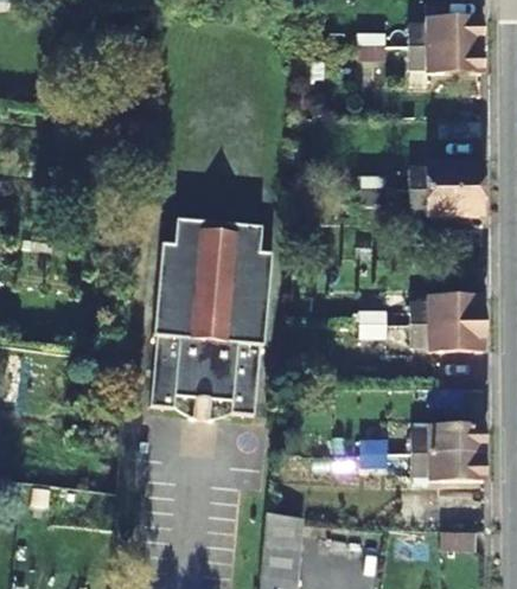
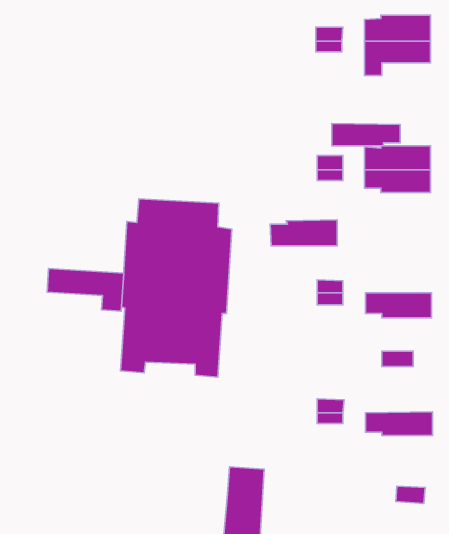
building: none -> [332,124,400,146]
building: [411,294,485,322] -> [270,220,337,246]
building: none -> [47,268,124,311]
building: [413,424,486,454] -> none

